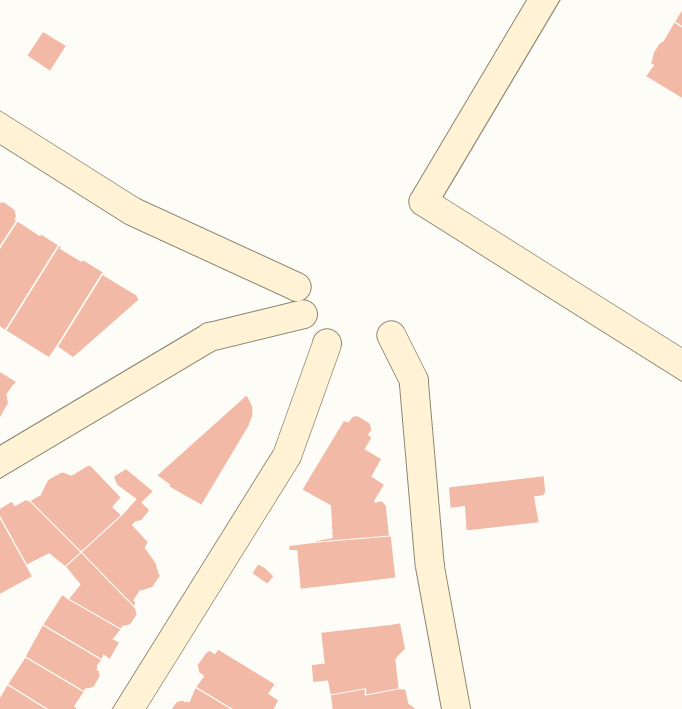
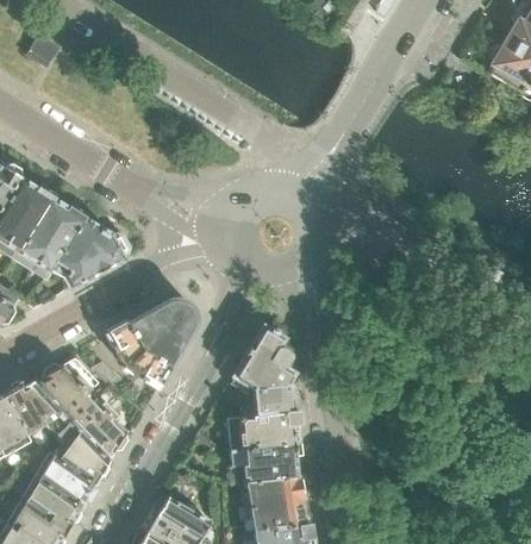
building: none -> [61,235,129,290]
building: none -> [104,299,189,367]
building: [448,476,546,531] -> [229,443,301,483]

